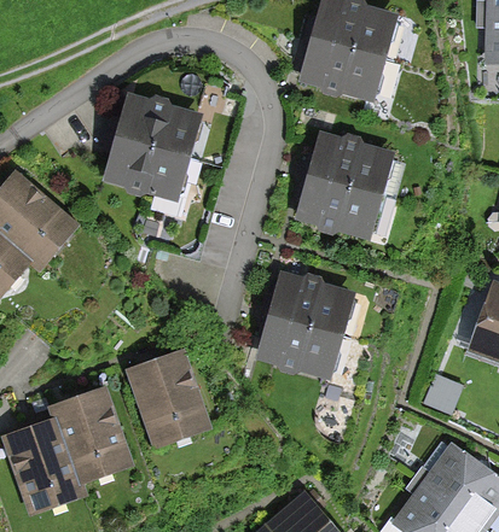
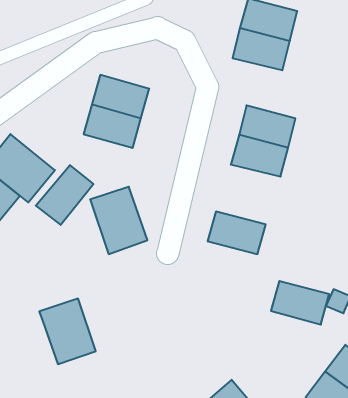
building: none -> [36,165,93,225]
building: [261,316,337,373] -> [271,281,329,325]
building: [130,353,205,442] -> [90,187,147,254]
building: [7,421,81,509] -> none

